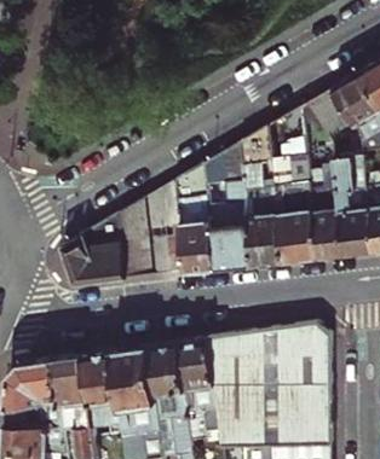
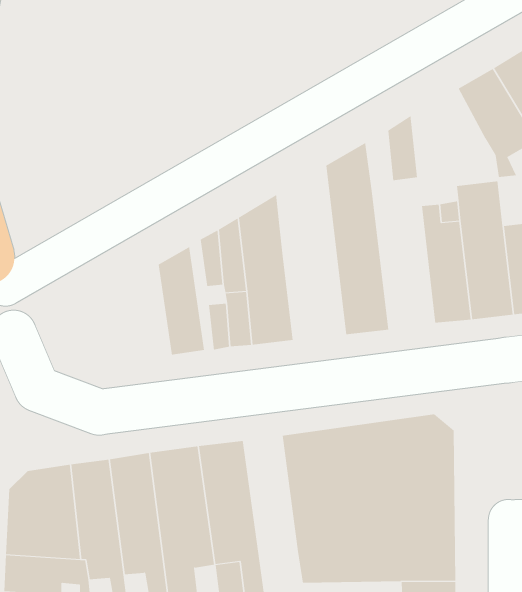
building: [304,89,351,140] -> none
building: [201,145,251,271] -> none
building: [270,161,315,263] -> none
building: [58,216,125,287] -> none
building: [177,339,215,447] -> none

